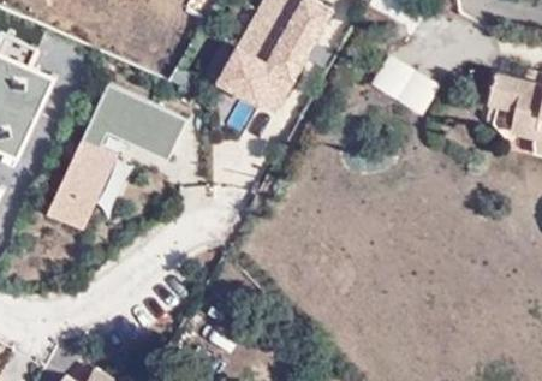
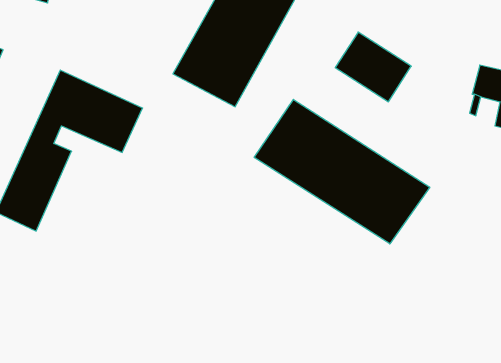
building: none -> [254,99,430,244]

